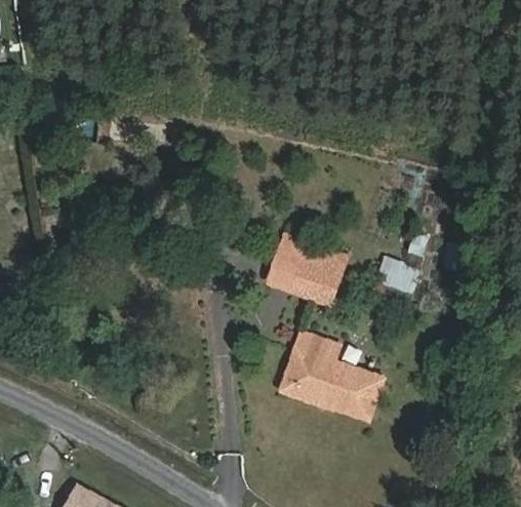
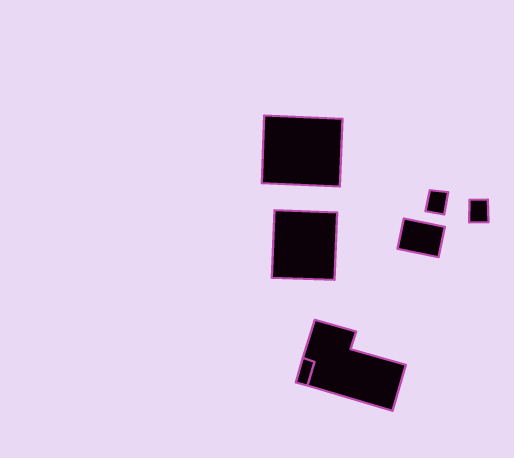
building: none -> [262,115,342,187]

